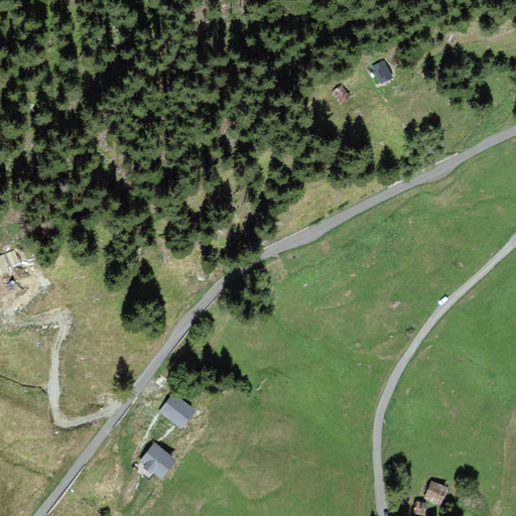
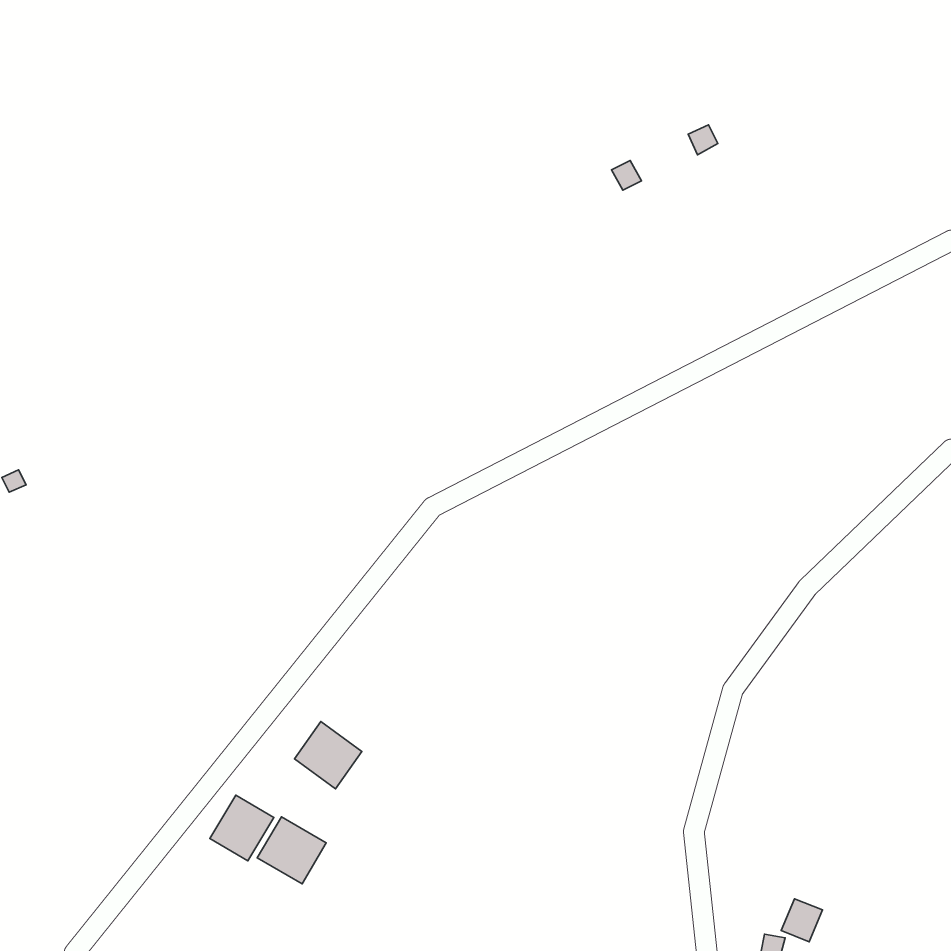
building: none -> [210,795,274,861]

